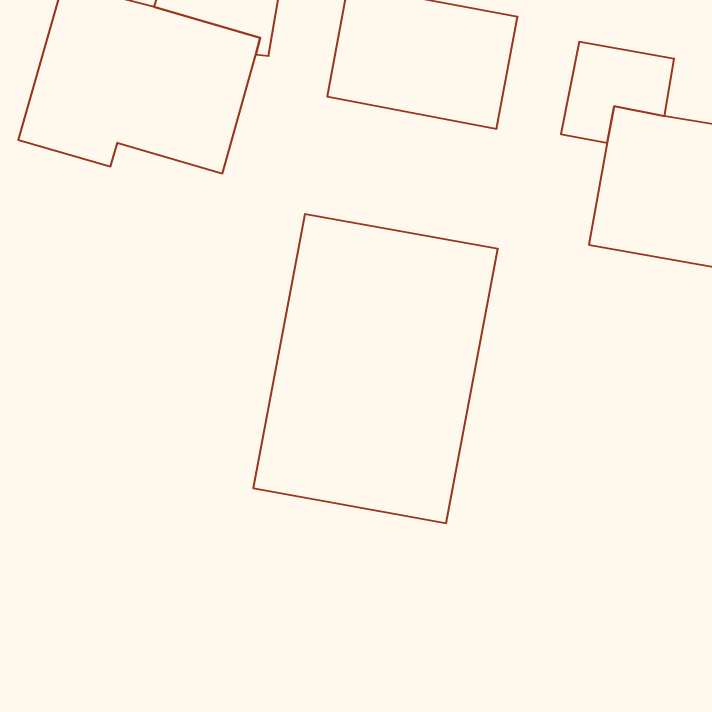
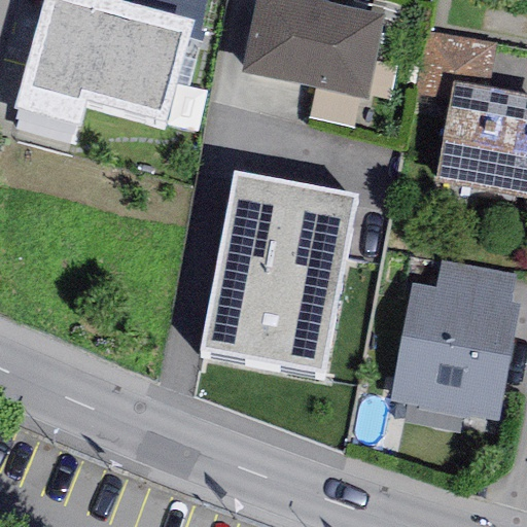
building: none -> [391,262,519,420]

